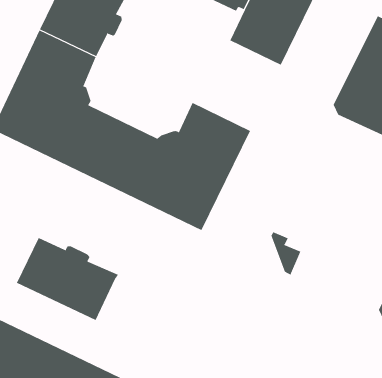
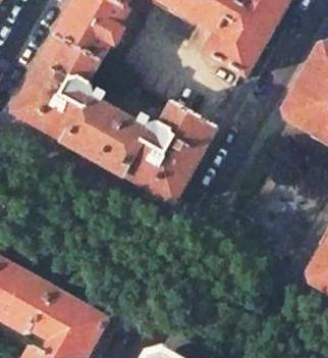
building: [16,237,119,321] -> none

